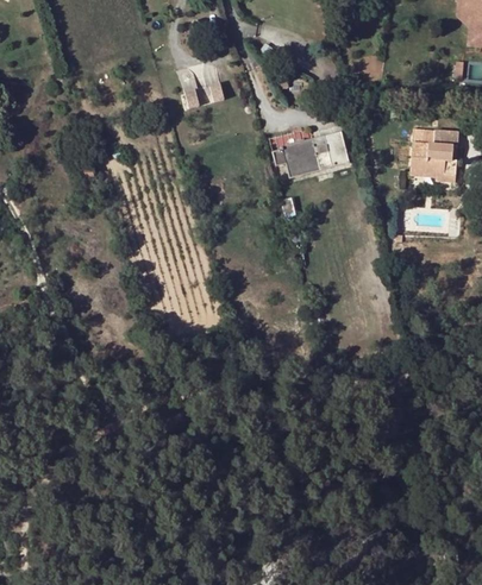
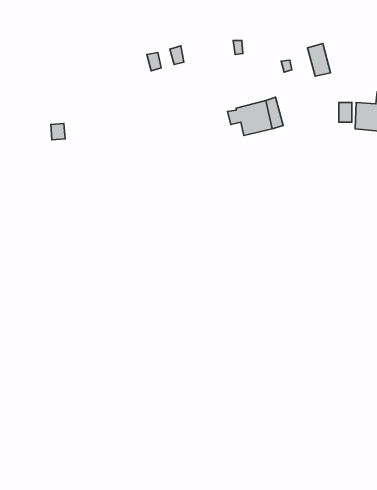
building: [324,131,349,166] -> [307,43,330,76]

